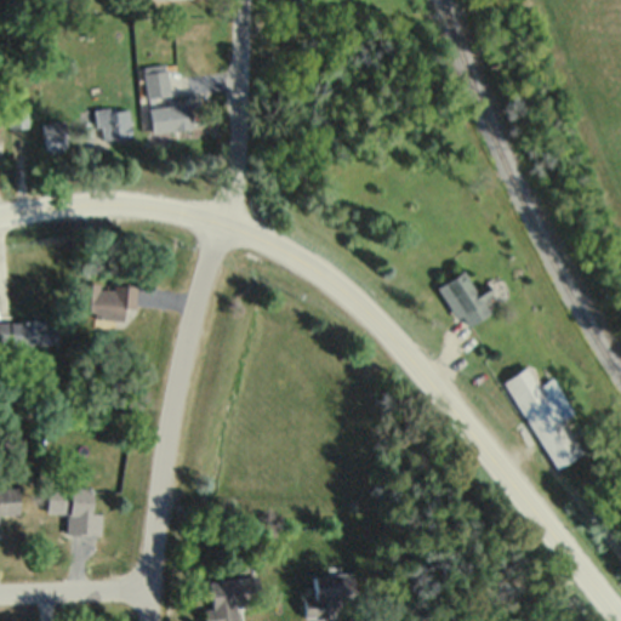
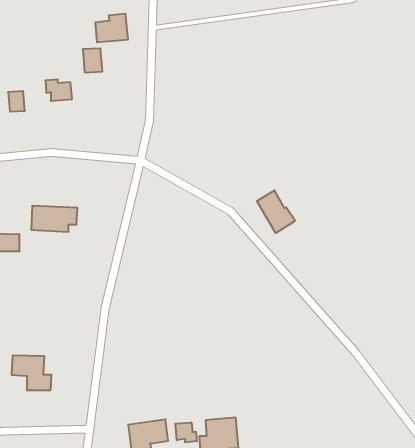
building: [152,101,196,139] -> [95,14,128,42]
building: [439,272,491,330] -> [257,190,295,233]
building: [505,371,583,471] -> none
building: none -> [175,422,197,442]

